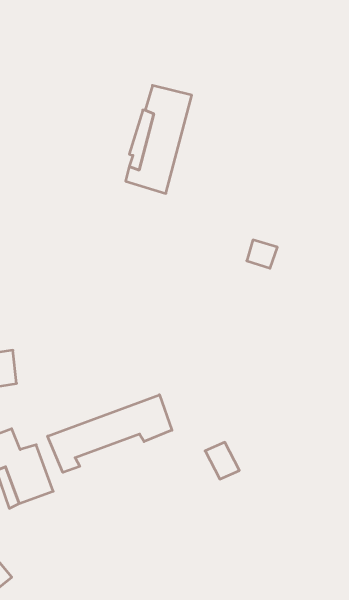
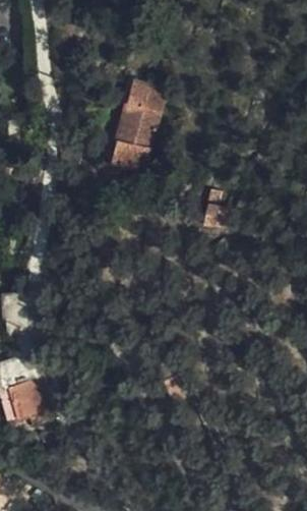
building: [48,395,172,472] -> none

